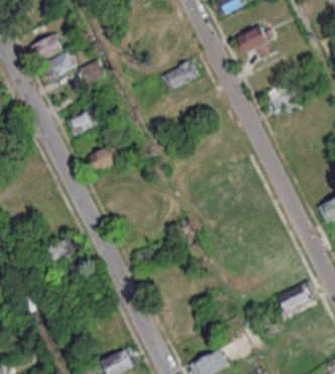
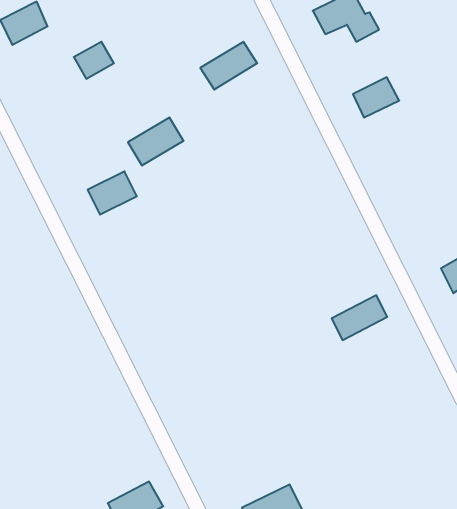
building: [41,51,75,80] -> none
building: [66,106,102,137] -> [128,118,184,165]
building: [45,236,80,264] -> none
building: [276,281,313,310] -> [332,295,387,340]

